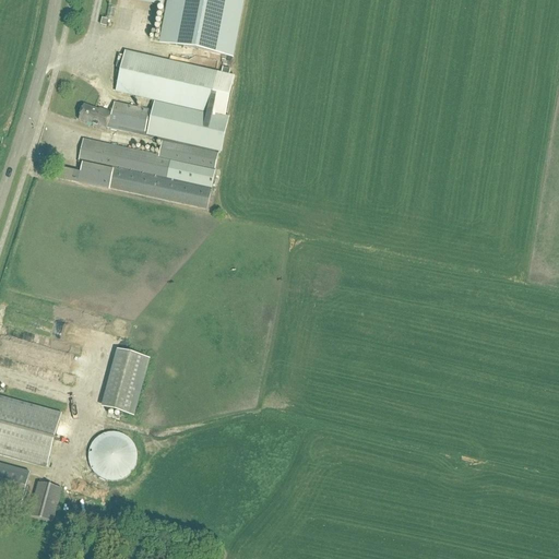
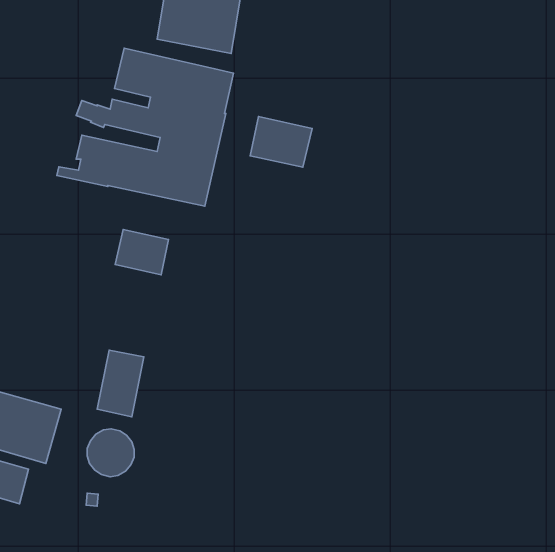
building: none -> [250,116,312,167]
building: none -> [115,230,169,275]
building: [26,478,60,519] -> none

